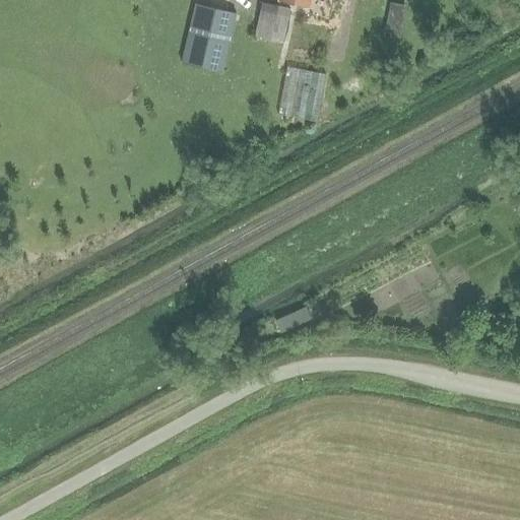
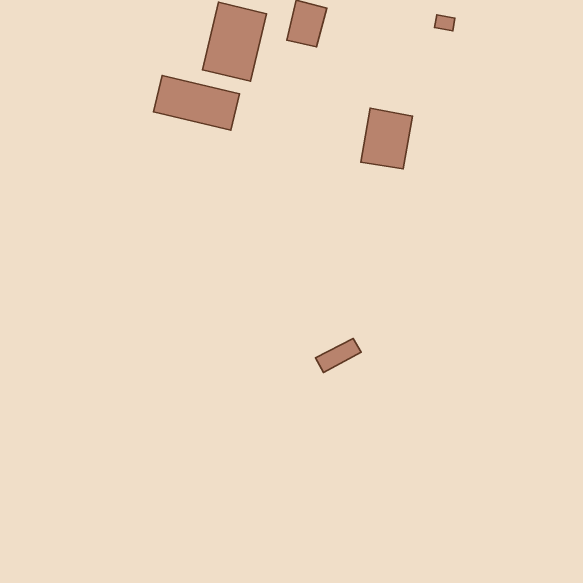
building: [278,66,324,120] -> [361,108,412,169]
building: none -> [153,76,240,130]

